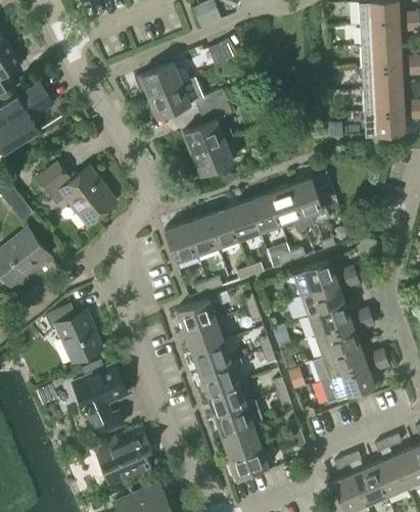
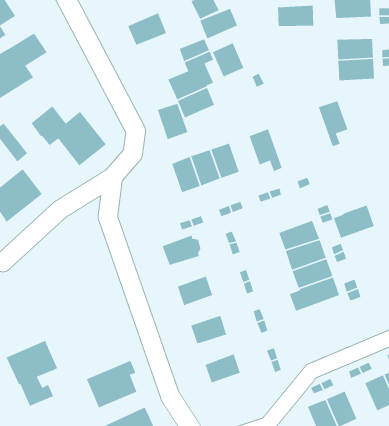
building: [362,67,402,91] -> [277,5,314,27]
building: [148,85,190,119] -> [199,8,238,39]
building: none -> [212,42,244,78]
building: [290,179,323,229] -> [318,100,348,147]
building: [248,194,280,233] -> none
building: [164,224,197,264] -> [157,103,188,140]
building: [292,261,337,297] -> [333,205,375,239]
building: [44,305,103,364] -> none
building: [184,323,224,355] -> none
building: [199,362,244,397] -> none
building: [72,365,128,436] -> [5,340,58,407]
building: [319,365,375,405] -> none
building: [214,402,263,438] -> none
building: [228,448,270,484] -> none
building: [372,458,406,497] -> none

